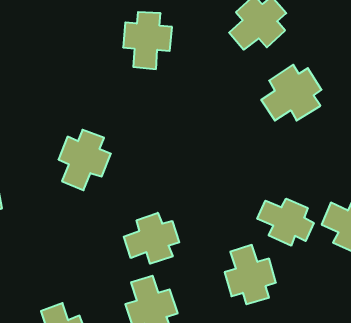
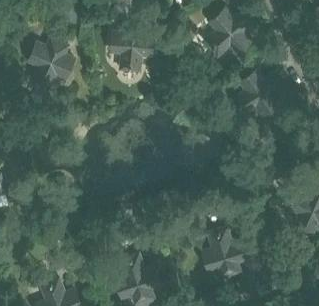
building: [58,130,111,190] -> [28,39,74,92]
building: [257,199,314,246] -> none
building: [124,213,179,264] -> none

